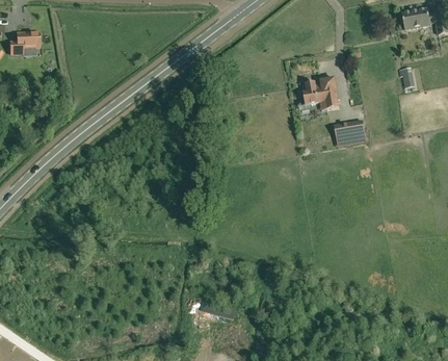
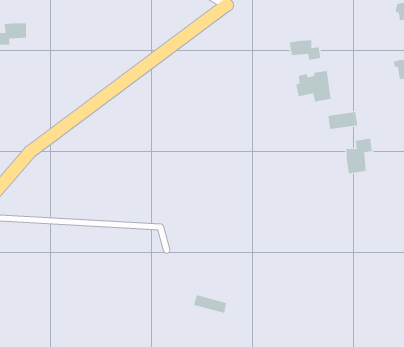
building: none -> [289,39,321,60]
building: none -> [346,138,372,174]

